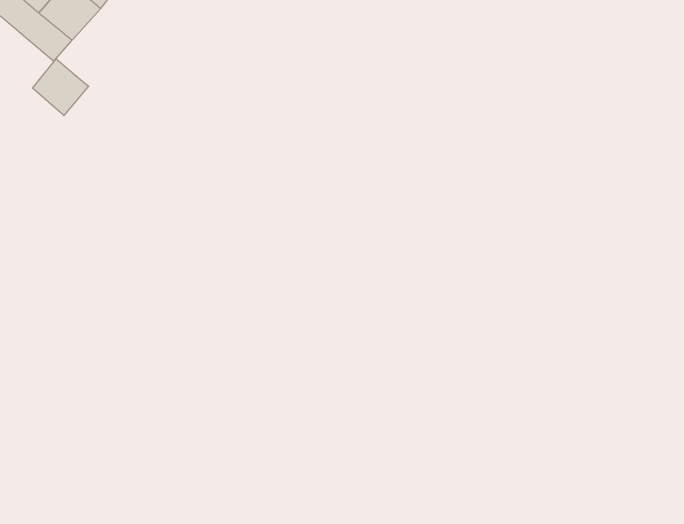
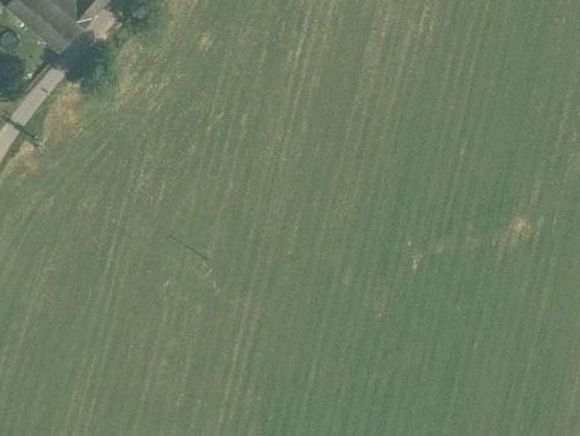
building: [33,59,89,116] -> none

